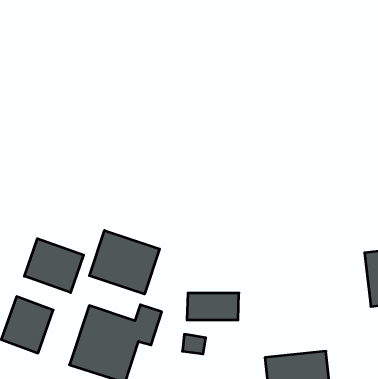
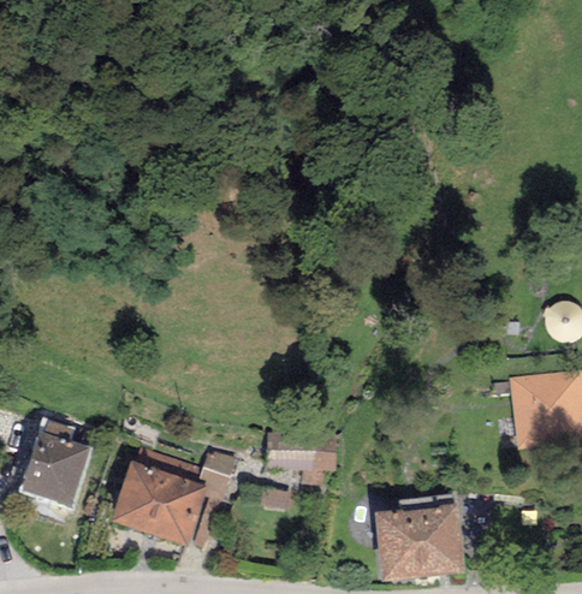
building: [89,230,160,294] -> none
building: [24,239,84,293] -> none

